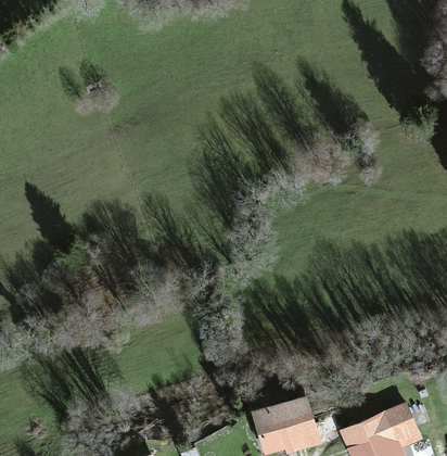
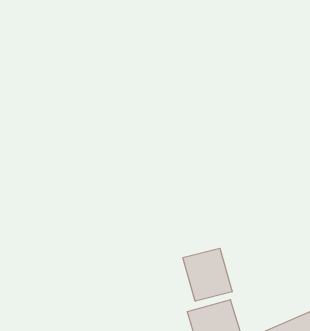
building: none -> [183,248,232,301]

